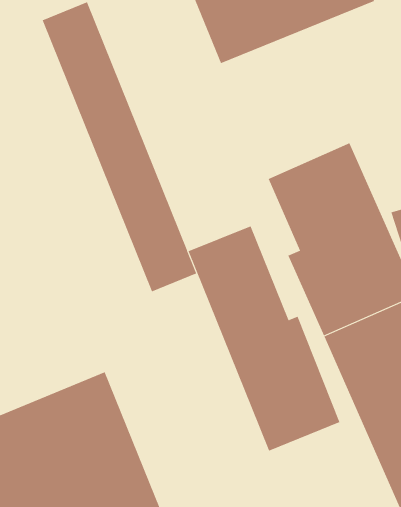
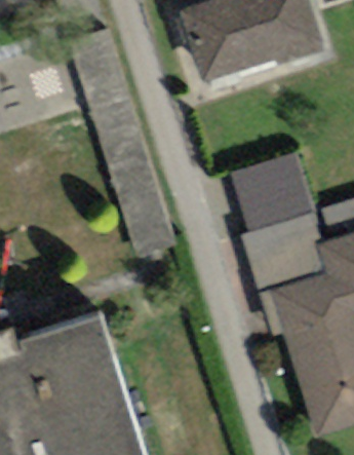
building: [188,225,340,451] -> none

